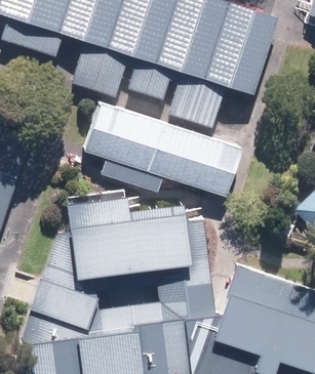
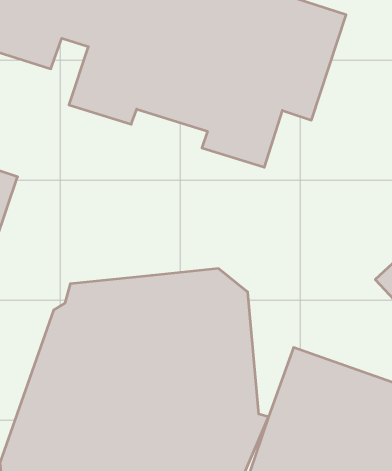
building: [85,100,242,196] -> none

